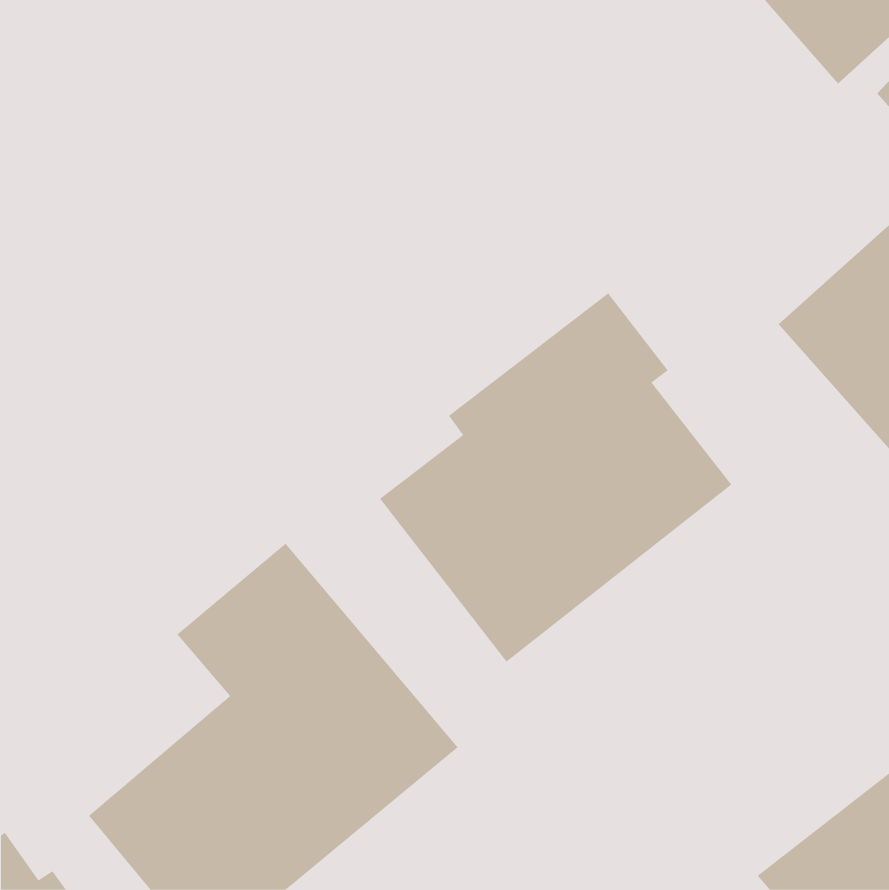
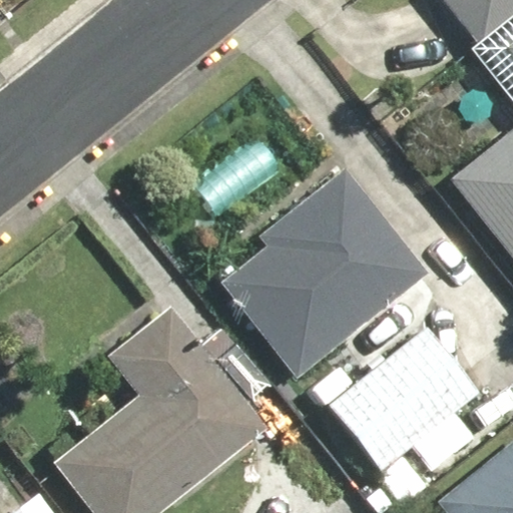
building: none -> [330,328,480,472]

